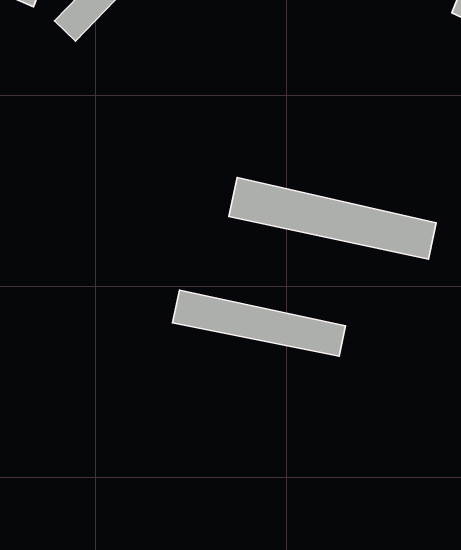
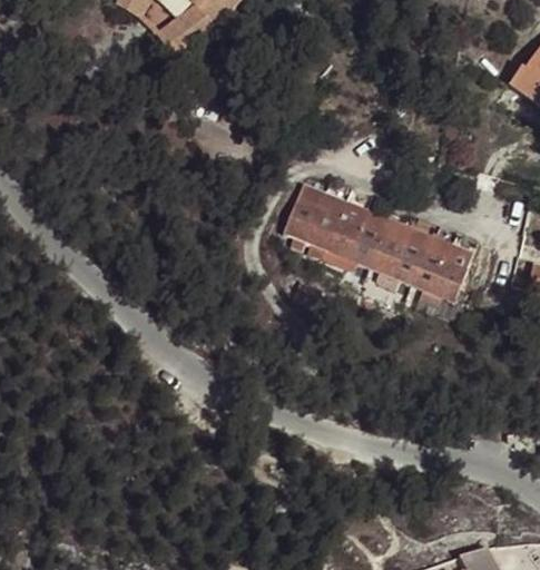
building: [173,290,346,356] -> none

